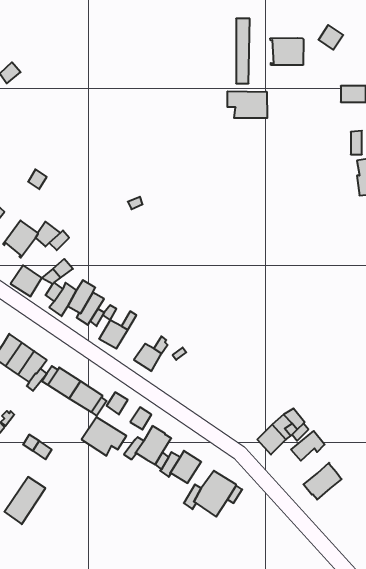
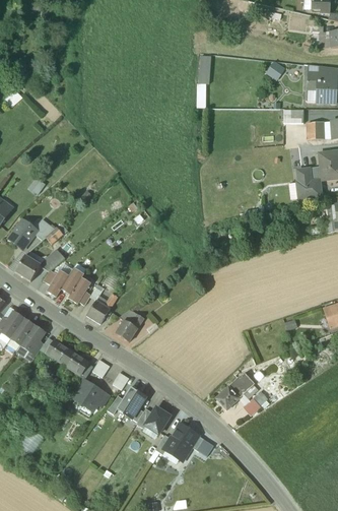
building: [270,38,303,65] -> none
building: [227,91,267,118] -> none
building: [303,463,342,500] -> none

